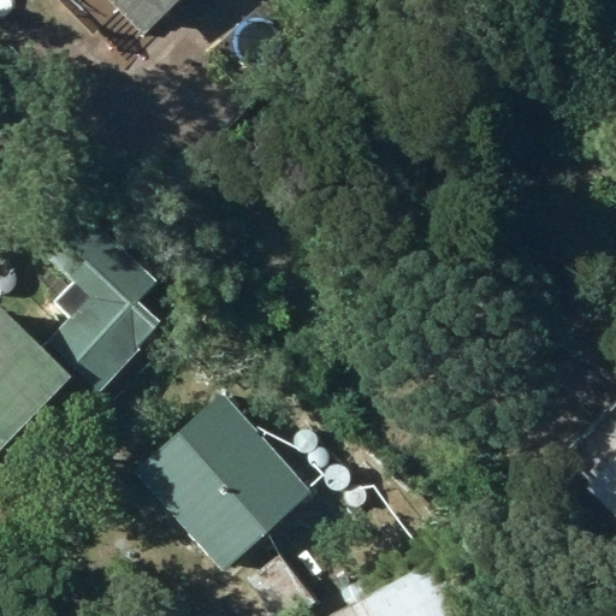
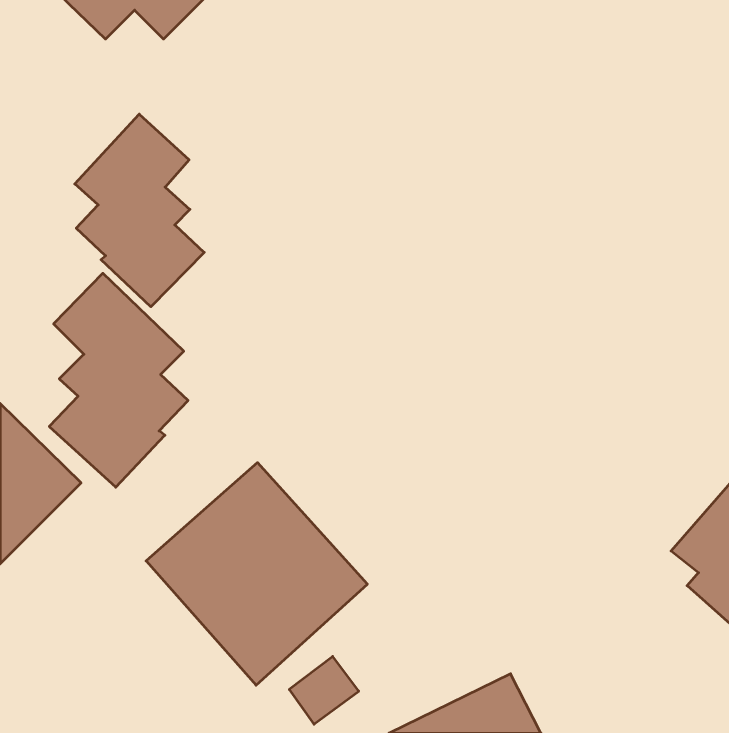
building: none -> [75,114,204,307]

